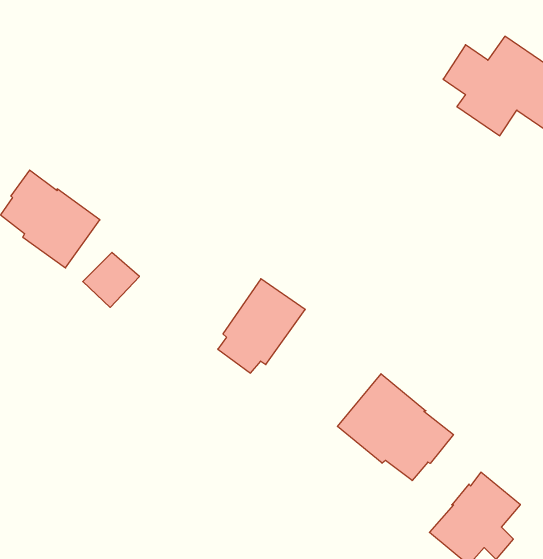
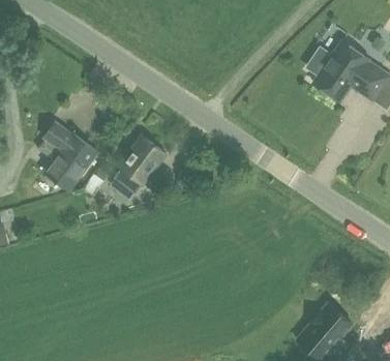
building: [218,279,305,373] -> [115,134,168,191]
building: [337,374,453,481] -> none

